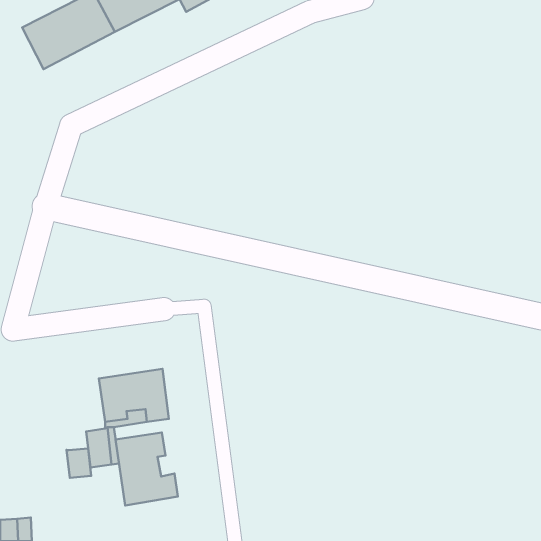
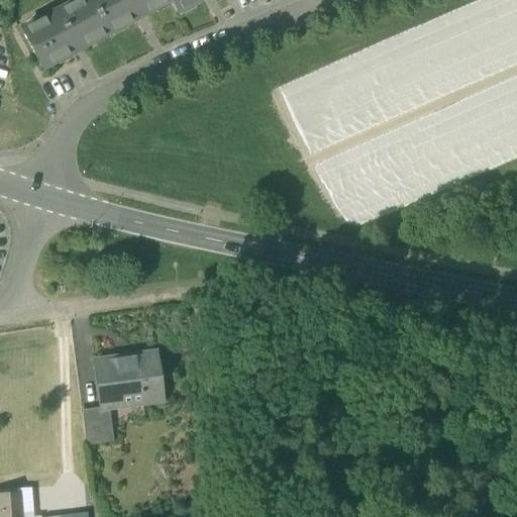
building: [116,433,178,505] -> none
building: [66,449,91,478] -> none

